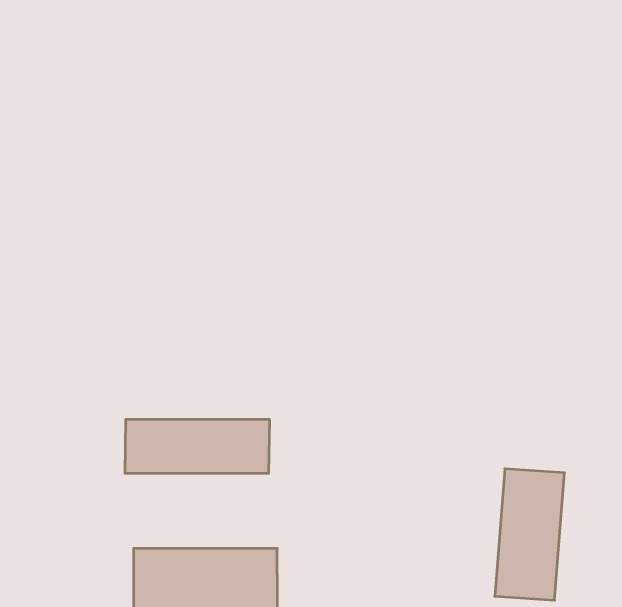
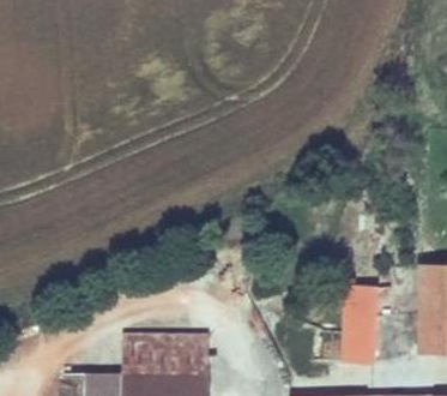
building: [125,419,269,473] -> none

